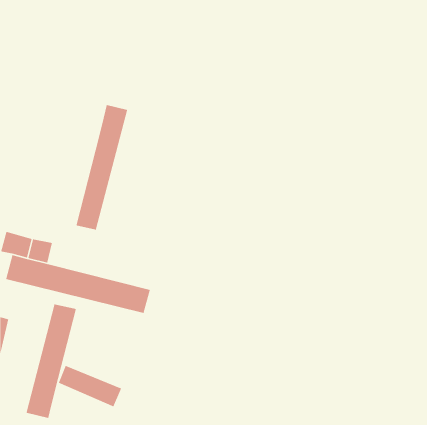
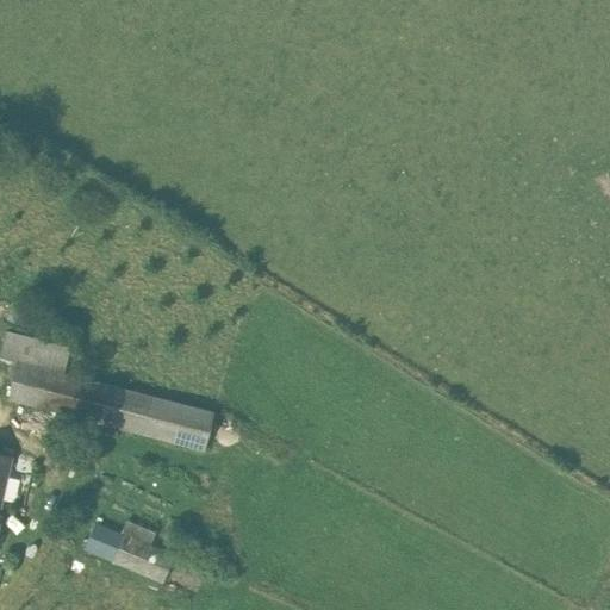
building: [76,104,128,231] -> none
building: [25,303,77,419] -> none

